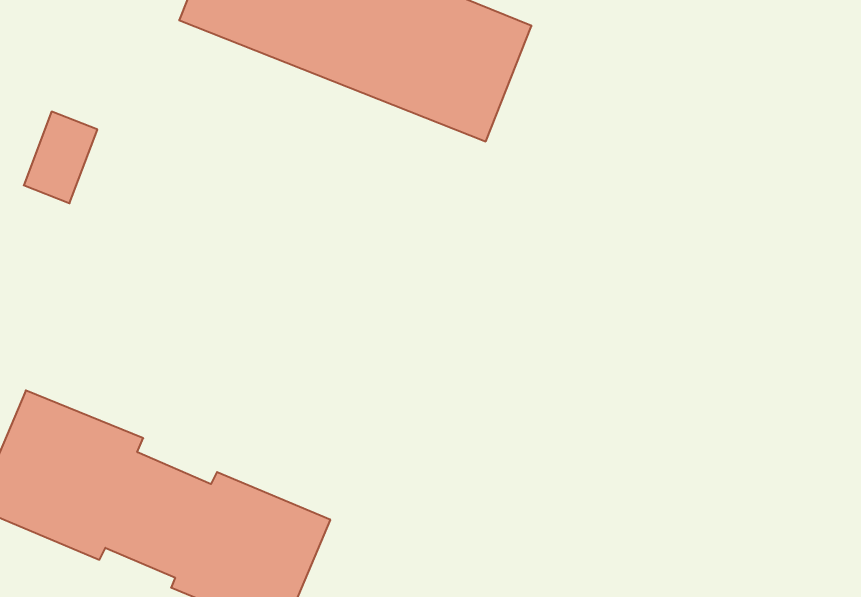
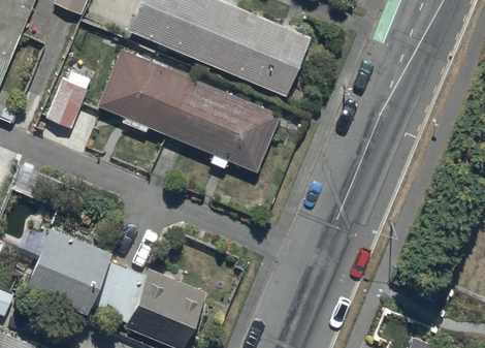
building: none -> [96,49,279,171]

